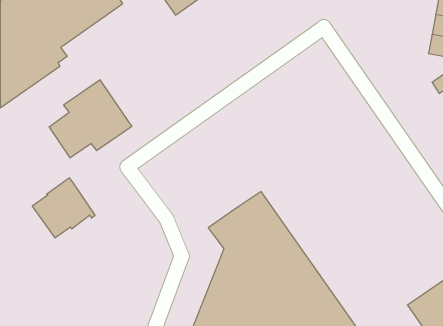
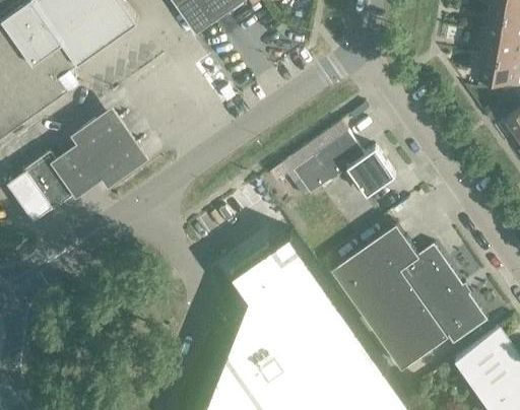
building: none -> [284,123,395,200]
building: [32,178,95,238] -> [8,153,78,220]
building: none -> [331,224,488,369]

